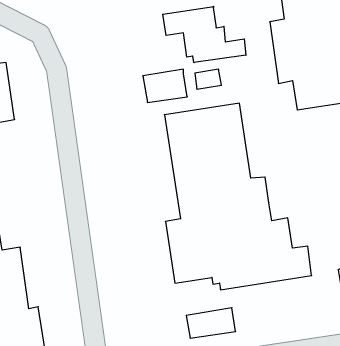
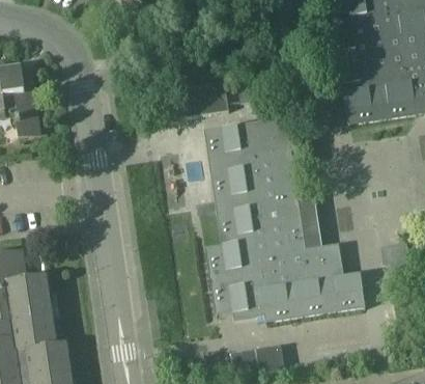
building: [163,6,246,63] -> none

